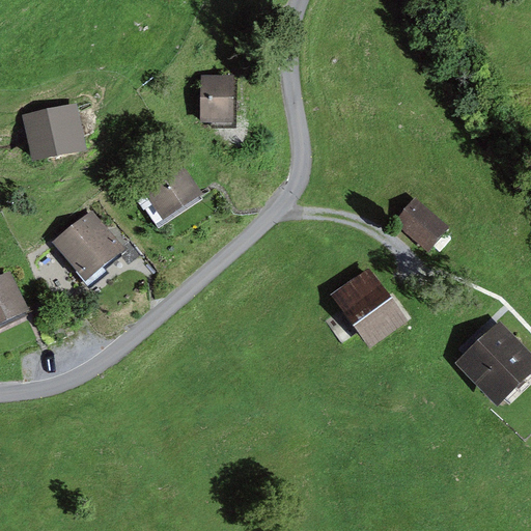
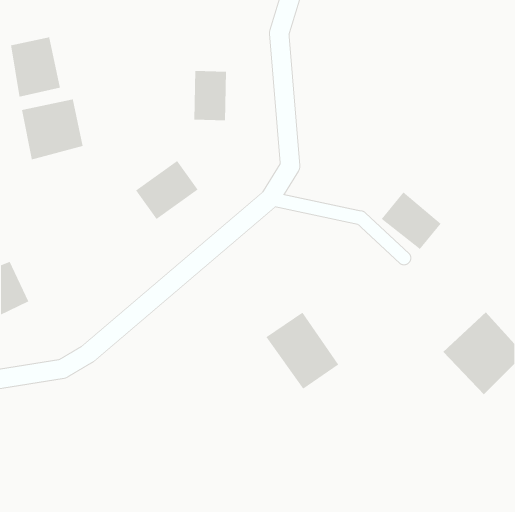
building: none -> [10,37,61,97]
building: [51,207,125,280] -> none
building: [330,268,406,347] -> [266,312,339,390]

